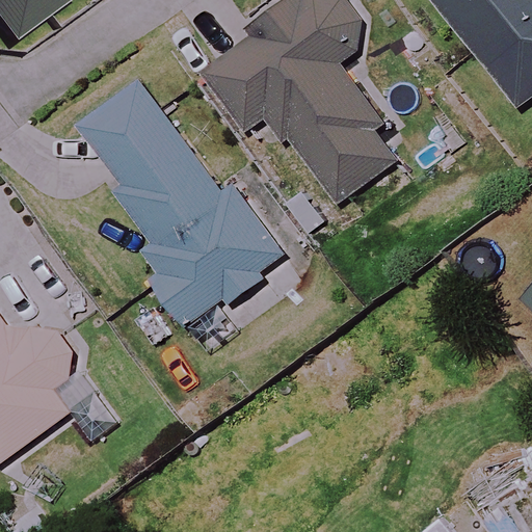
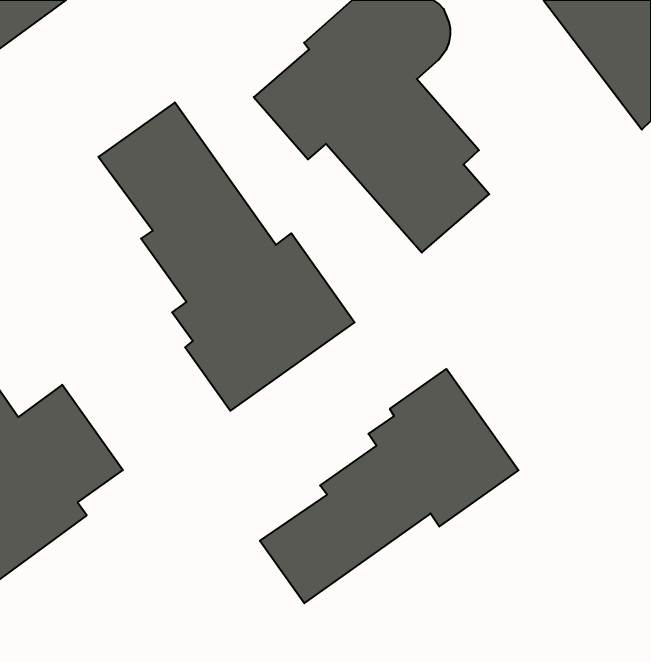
building: none -> [260,369,519,603]

